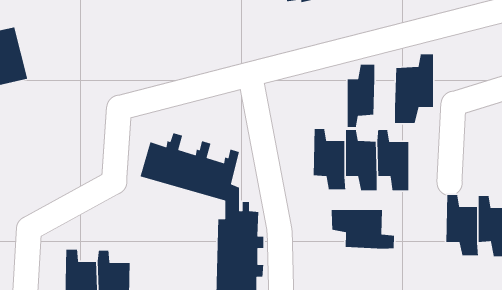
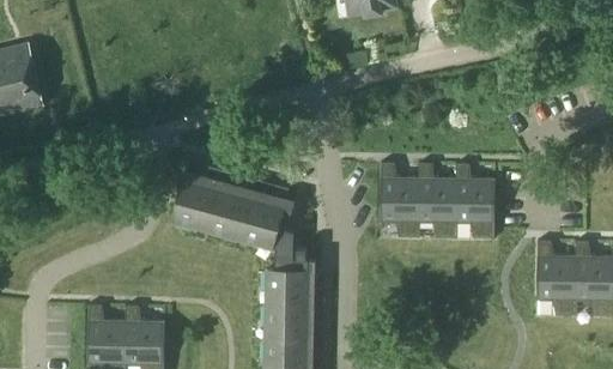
building: [394,54,434,124] -> none
building: [347,64,375,128] -> none
building: [331,209,395,250] -> none

